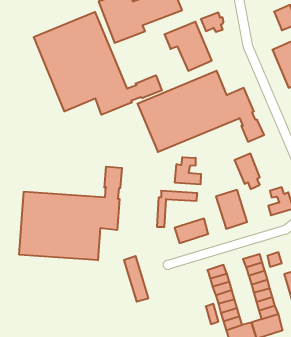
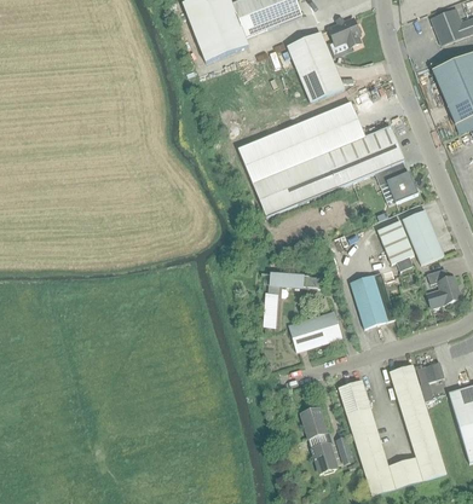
building: [34,12,162,115] -> none
building: none -> [402,209,443,263]
building: [175,157,201,184] -> none
building: [19,167,122,260] -> none
building: [124,256,148,302] -> [301,407,336,473]

